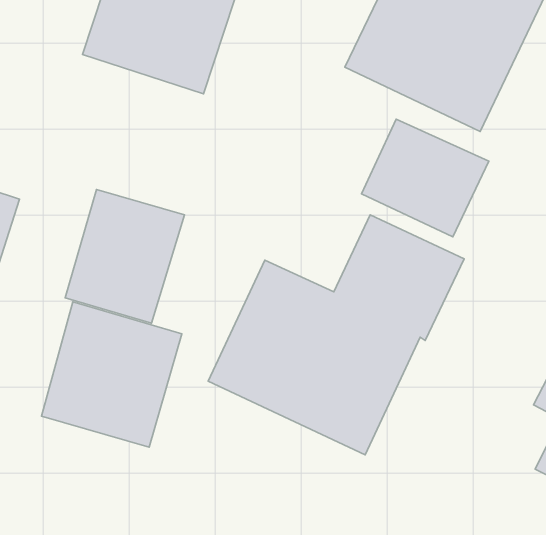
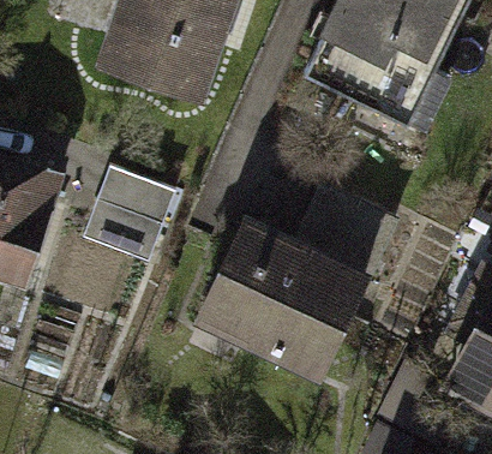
building: [361,119,489,237] -> none
building: [42,302,182,447] -> none

